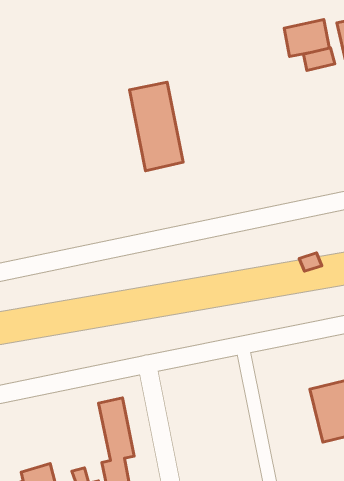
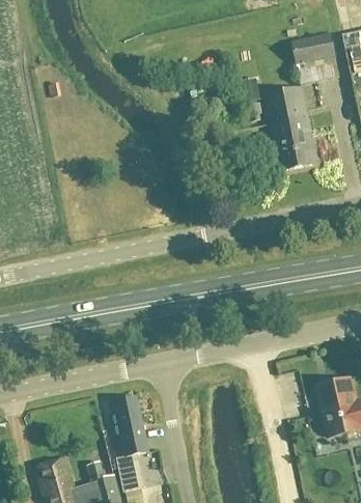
building: [129,82,183,171] -> [266,84,317,169]

